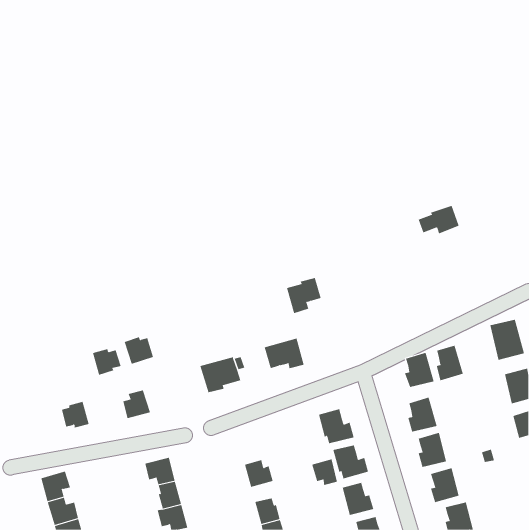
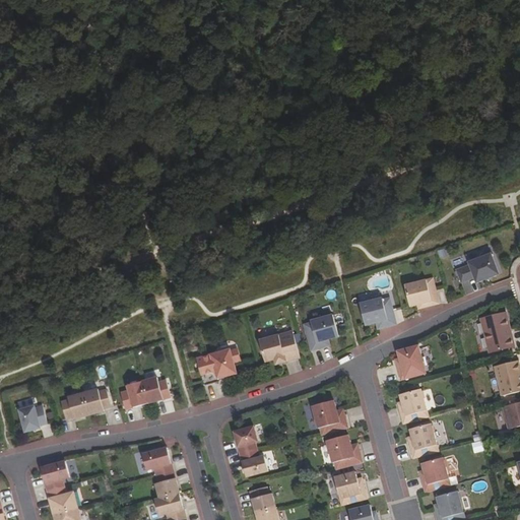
building: [418,205,459,234] -> [457,253,498,281]
building: [286,278,322,314] -> [303,314,337,349]
building: none -> [403,278,438,306]
building: none -> [360,299,395,327]
building: [124,337,154,365] -> [140,376,170,403]
building: [436,345,463,381] -> none
building: [92,349,121,376] -> [81,388,110,414]
building: none -> [18,405,46,431]
building: none -> [233,427,257,454]
building: [311,458,337,486] -> none

